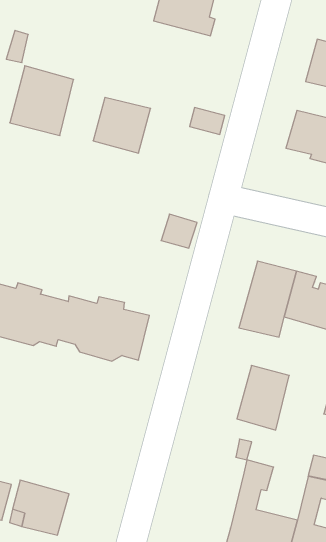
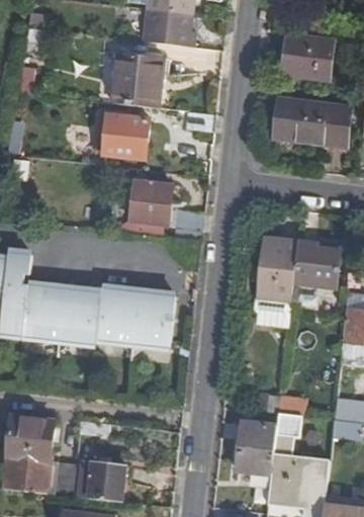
building: [10,66,74,136] -> [112,51,163,107]
building: none -> [129,179,172,224]
building: [237,365,289,430] -> [236,420,276,473]

